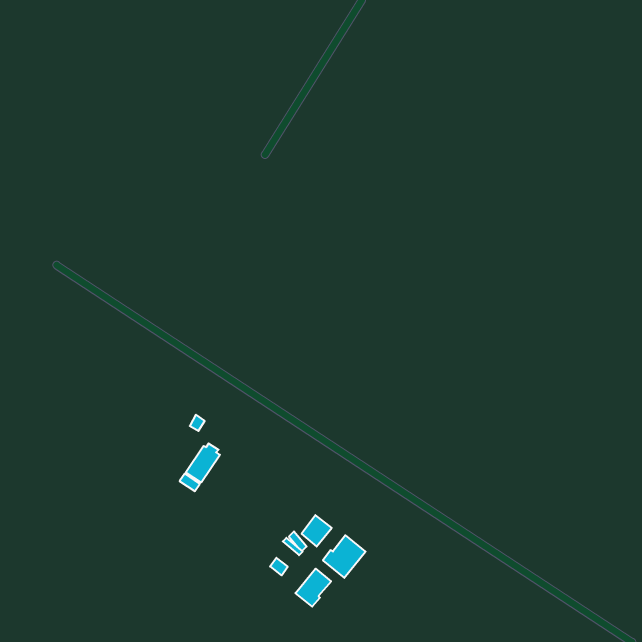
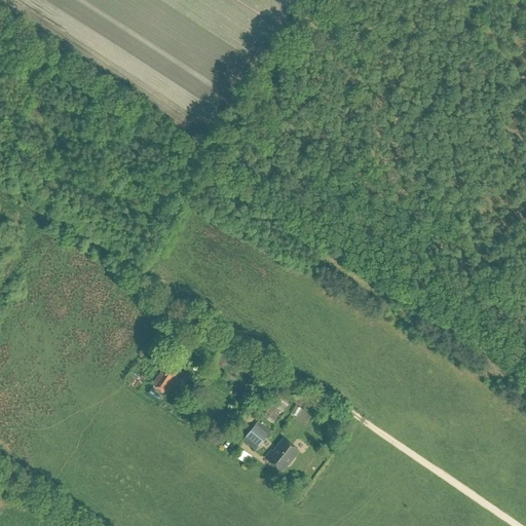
building: [295,569,331,607] -> none

